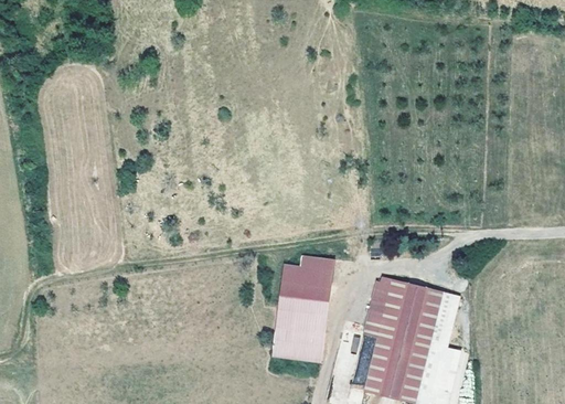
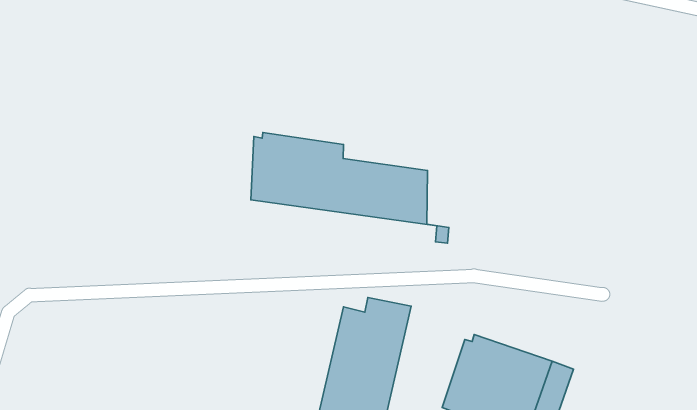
building: none -> [251,132,449,243]

